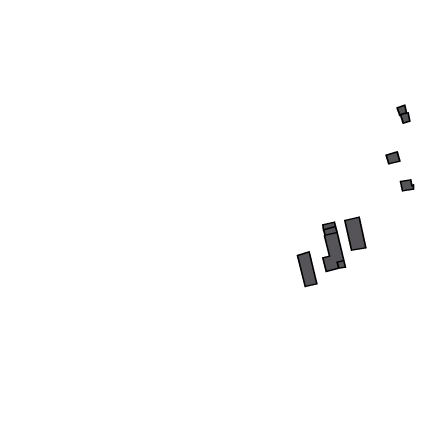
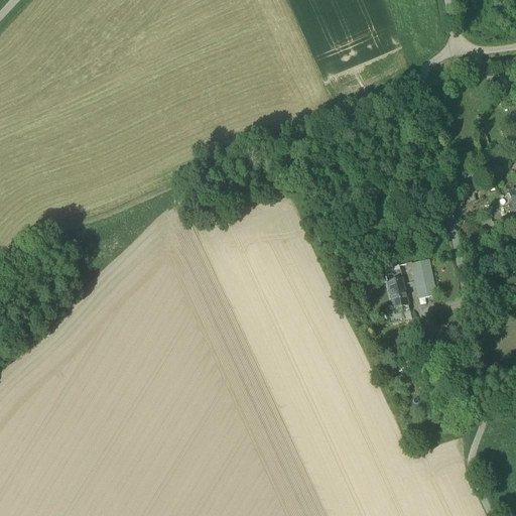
building: [298,252,317,287] -> none

